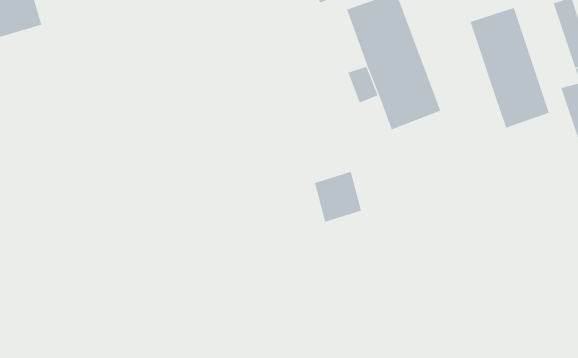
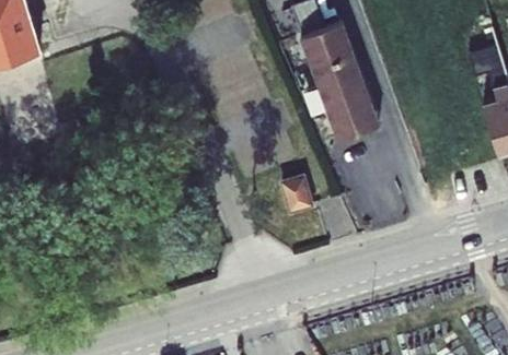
building: [470,7,549,128] -> none

